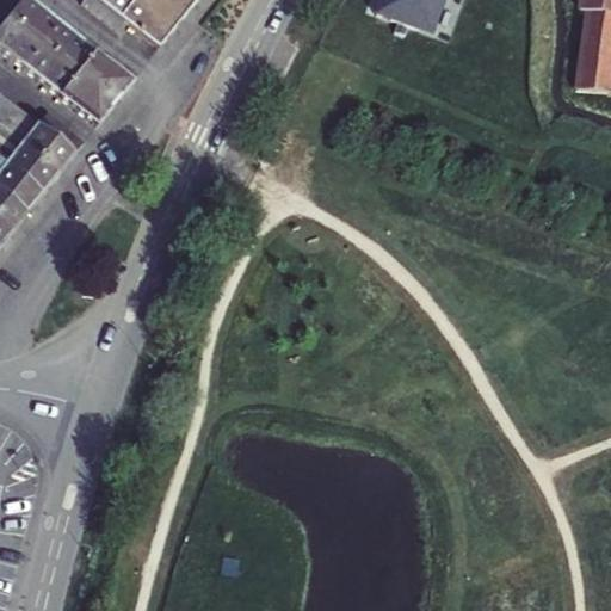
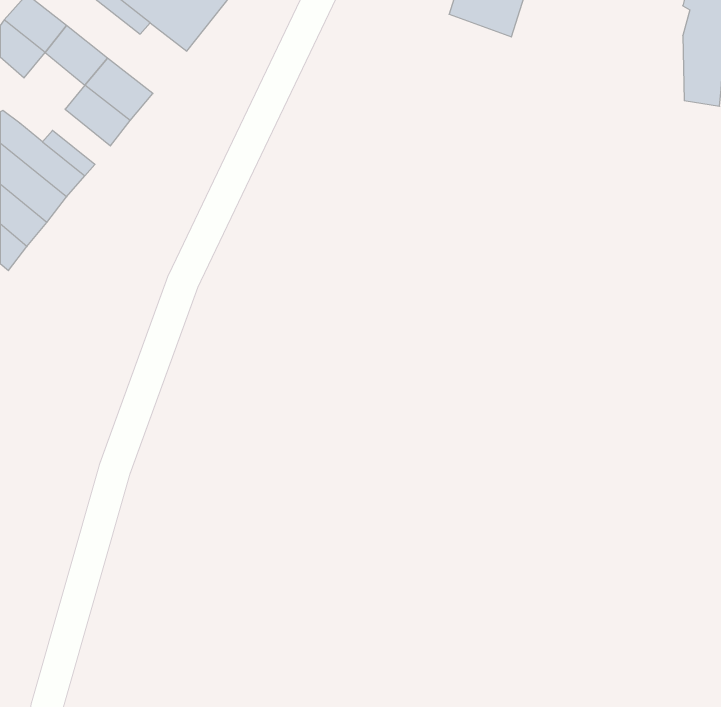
building: [23,44,74,92] -> none

